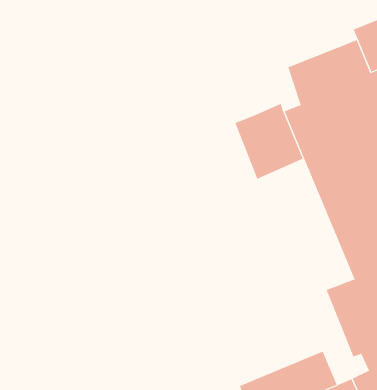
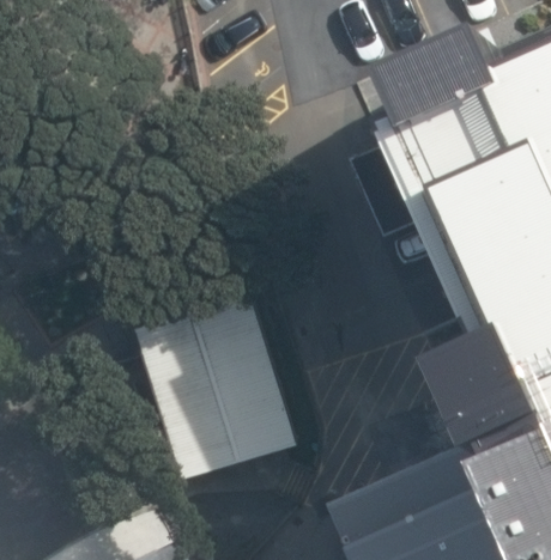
building: none -> [134,293,297,479]

